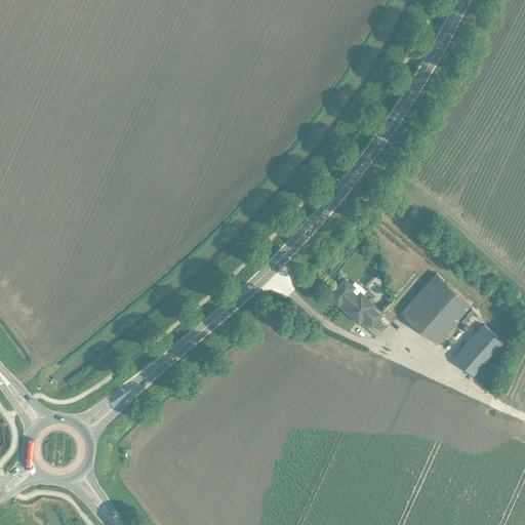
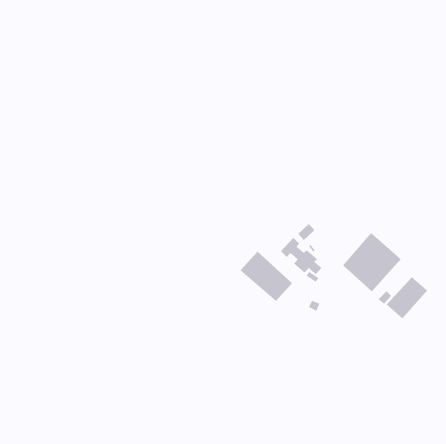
building: none -> [240,251,293,302]

